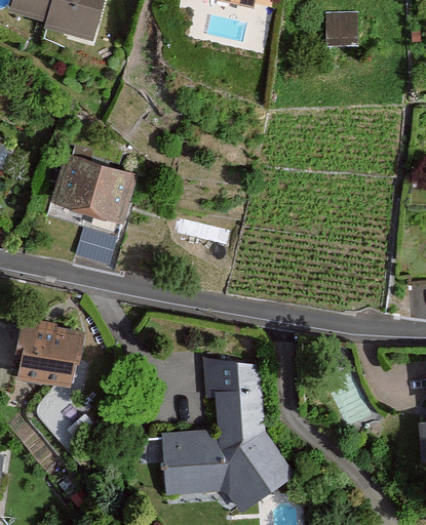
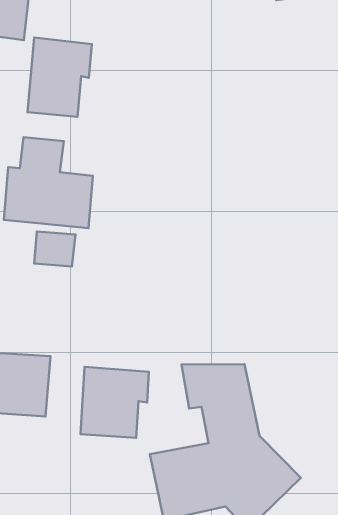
building: none -> [27,38,92,117]
building: none -> [81,367,149,438]

